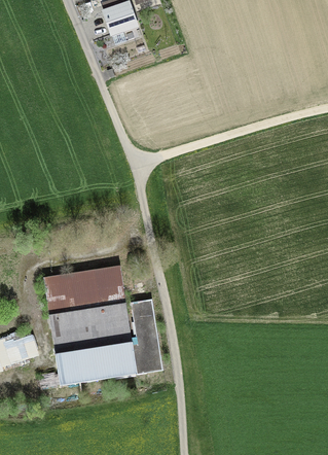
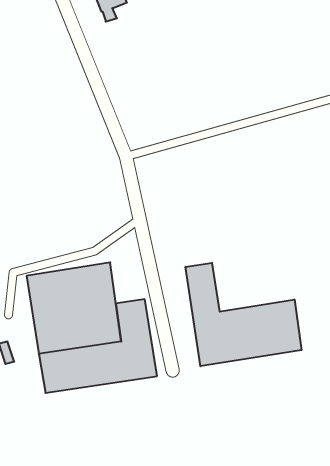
building: none -> [186,263,302,366]

